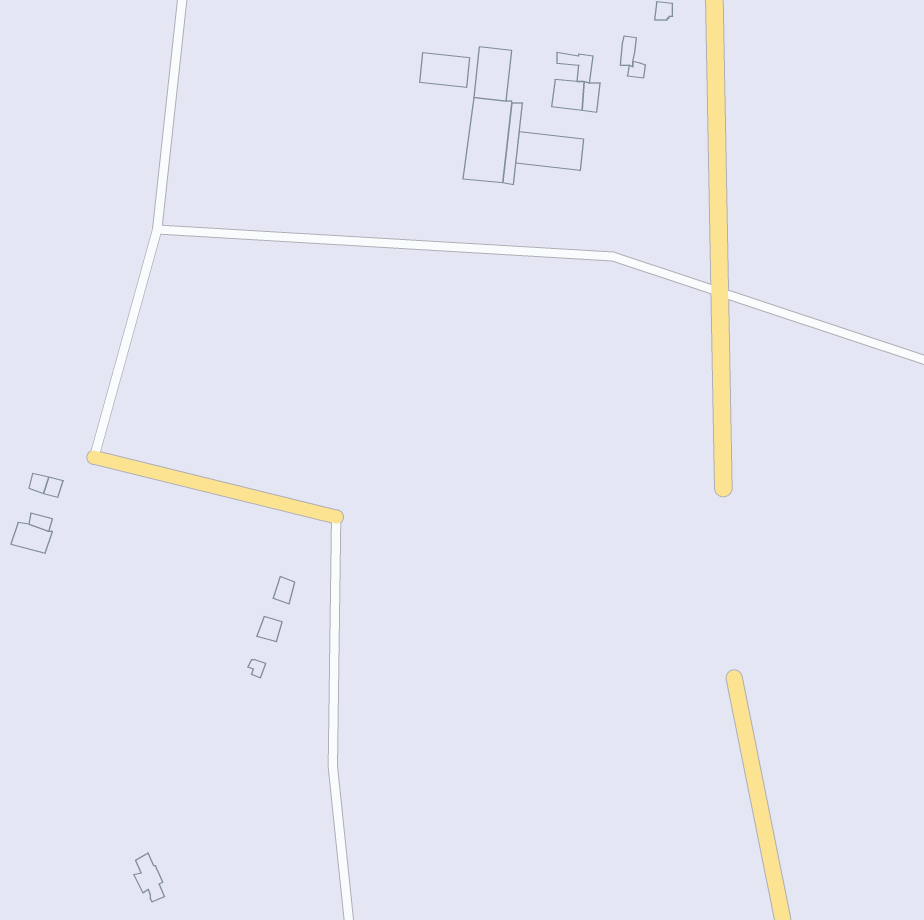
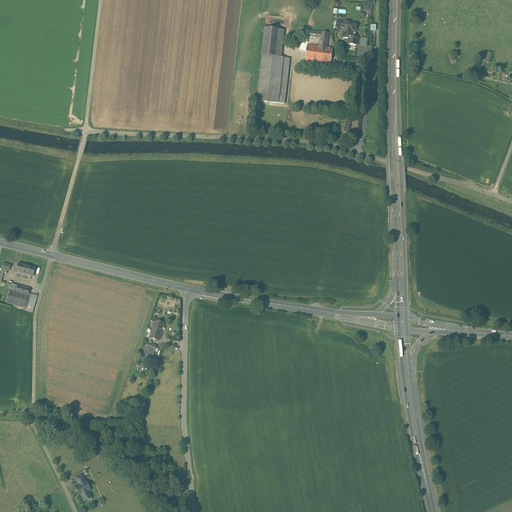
building: [420,53,469,87] -> none
building: [516,132,583,171] -> none

